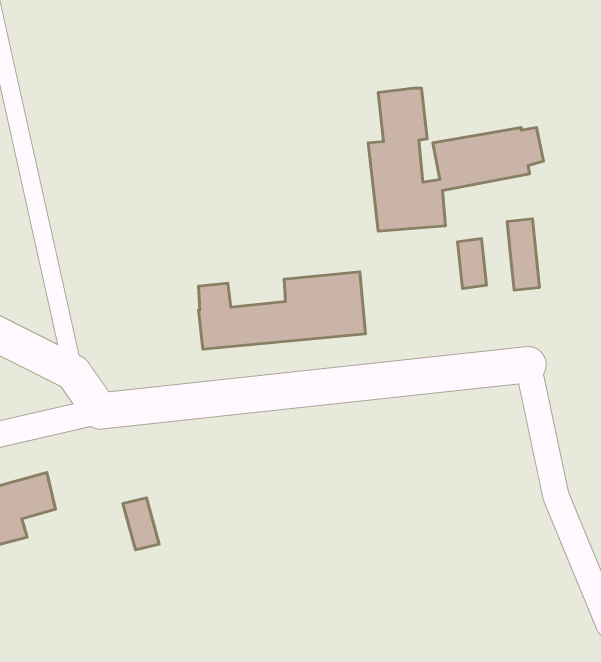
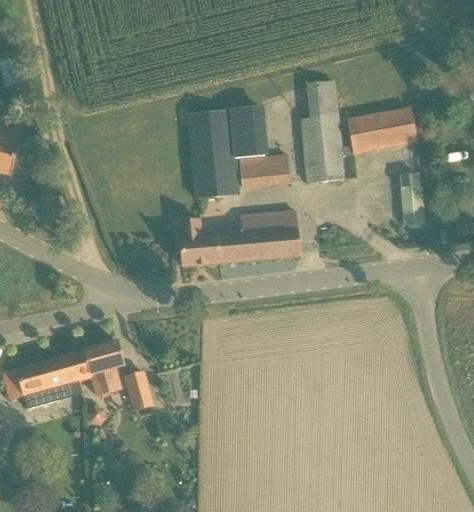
building: none -> [188,107,289,198]
building: [458,238,486,288] -> none
building: none -> [72,341,123,395]

